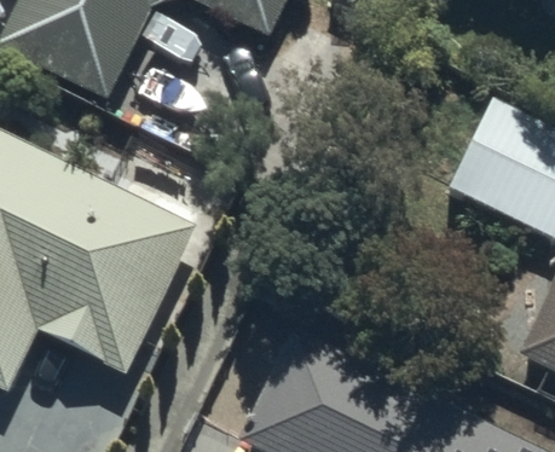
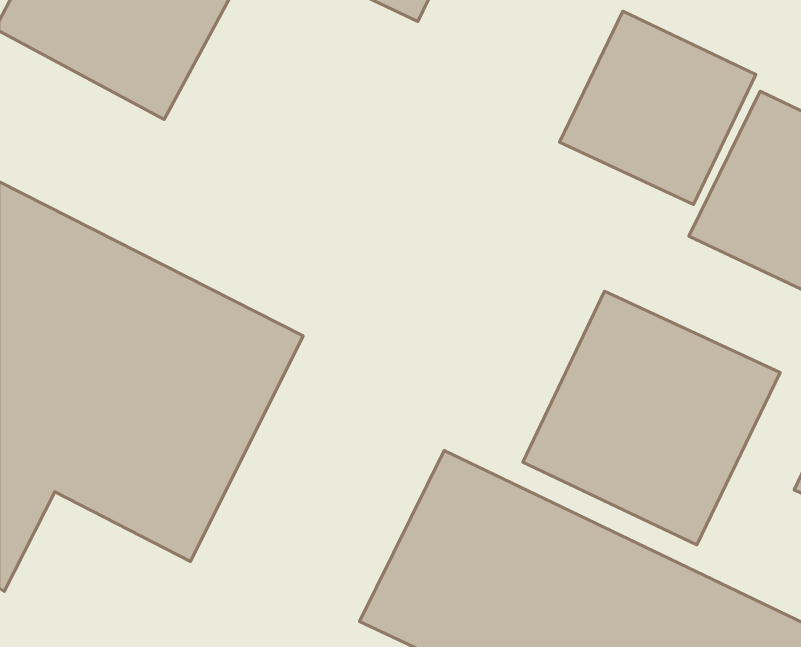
building: none -> [560,11,756,204]
building: none -> [523,291,780,545]

